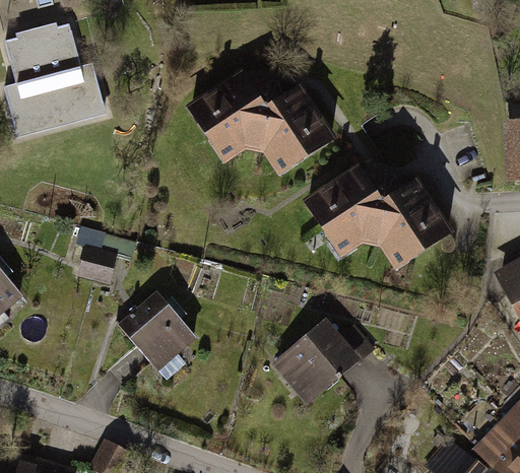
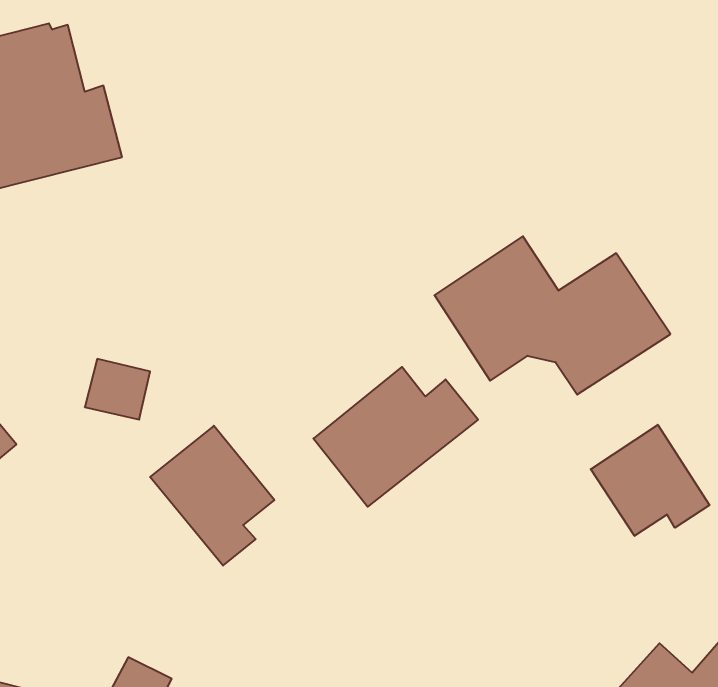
building: [183,69,337,175] -> none
building: none -> [591,425,709,536]
building: [270,315,378,406] -> [313,367,478,507]

